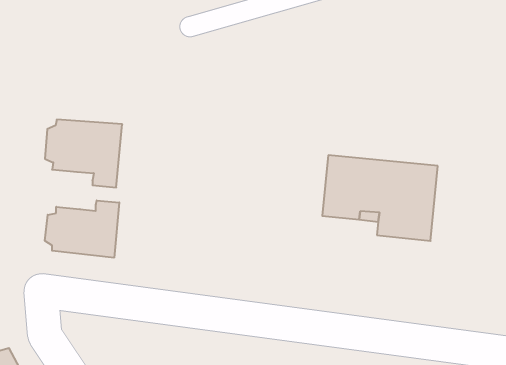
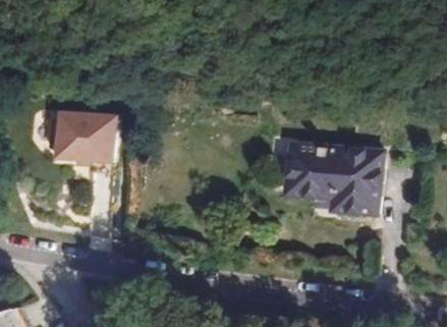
building: [45,200,119,258] -> none

